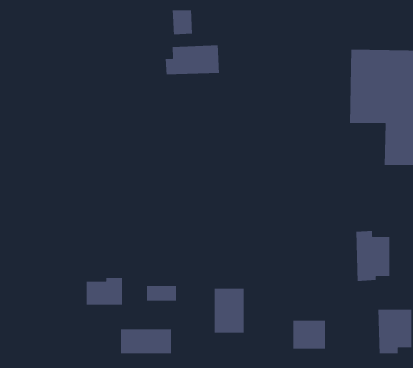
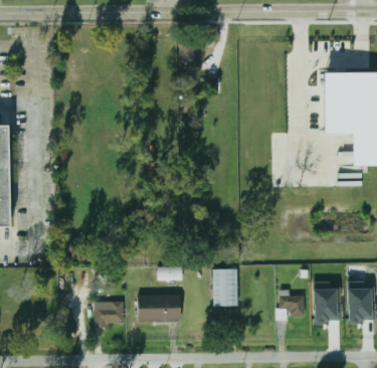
building: [165,44,220,75] -> none
building: [356,230,390,282] -> [313,281,341,323]
building: [86,277,123,305] -> [95,301,125,324]

